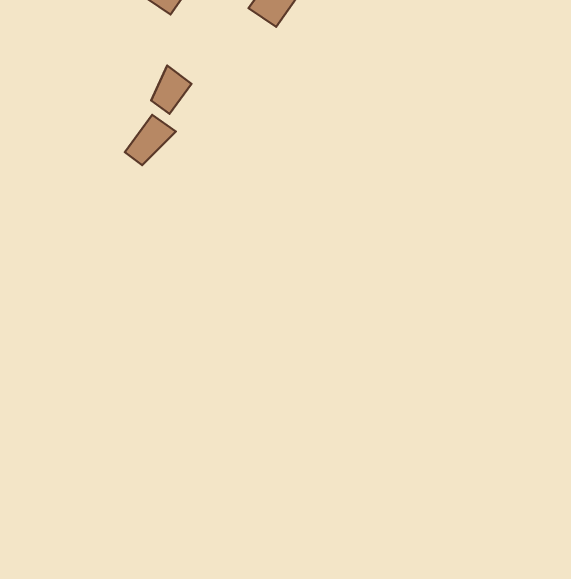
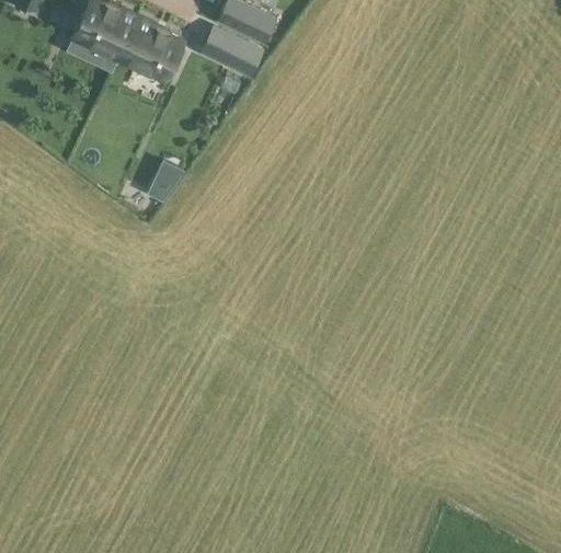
building: [151,66,191,114] -> none

